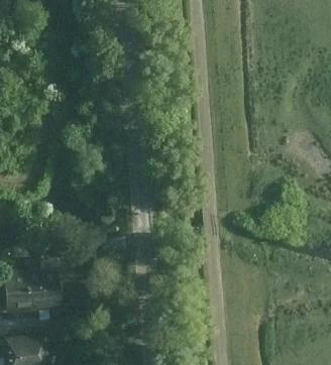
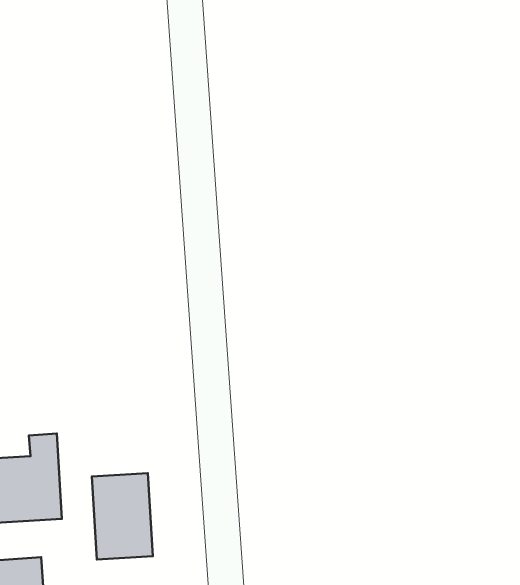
building: none -> [92,473,153,559]

